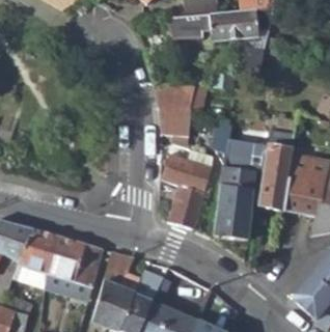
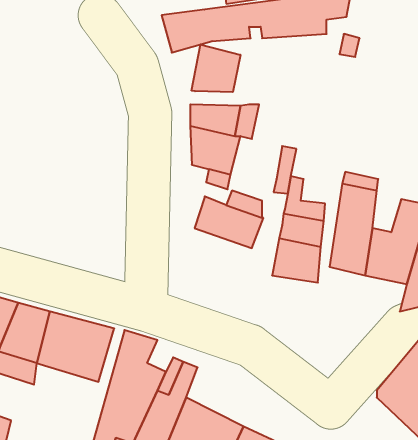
building: none -> [192,44,240,92]
building: [160,176,203,228] -> none
building: [213,211,251,241] -> none

